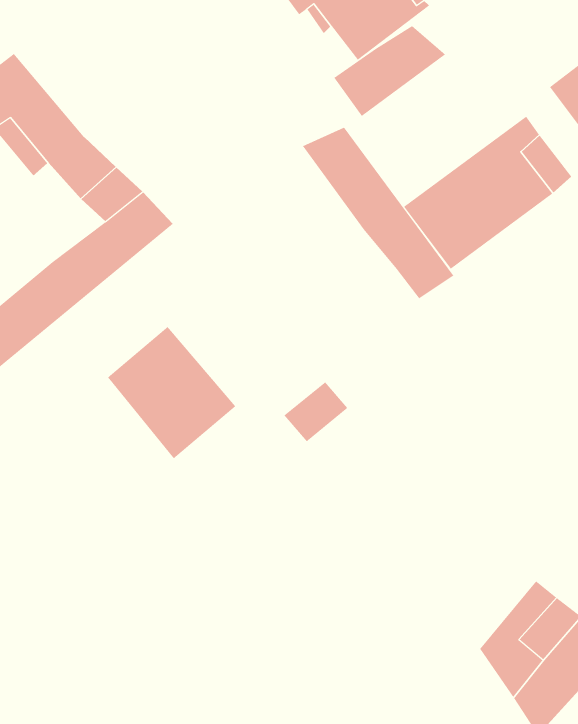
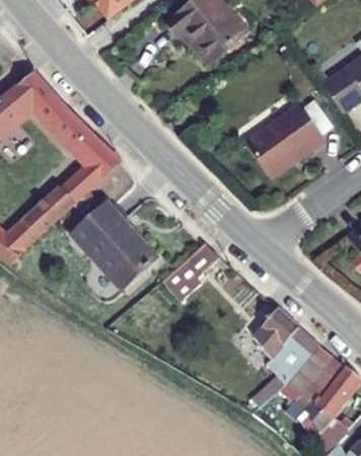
building: [333,25,446,117] -> none
building: [302,127,454,299] -> none
building: none -> [72,197,119,240]
building: none -> [247,311,315,387]

